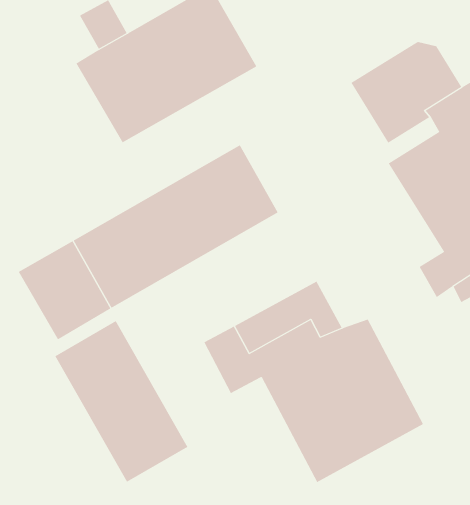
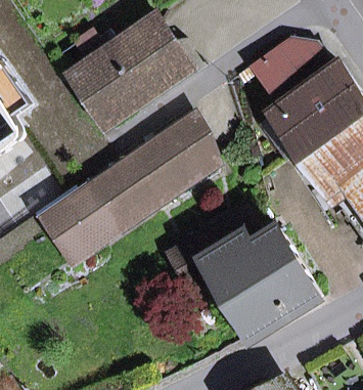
building: [55,320,188,483] -> none

